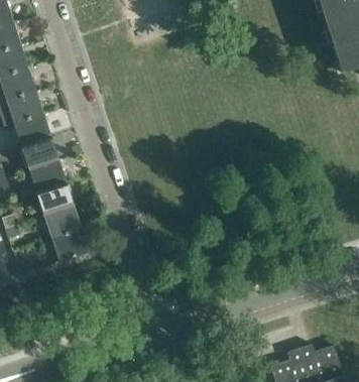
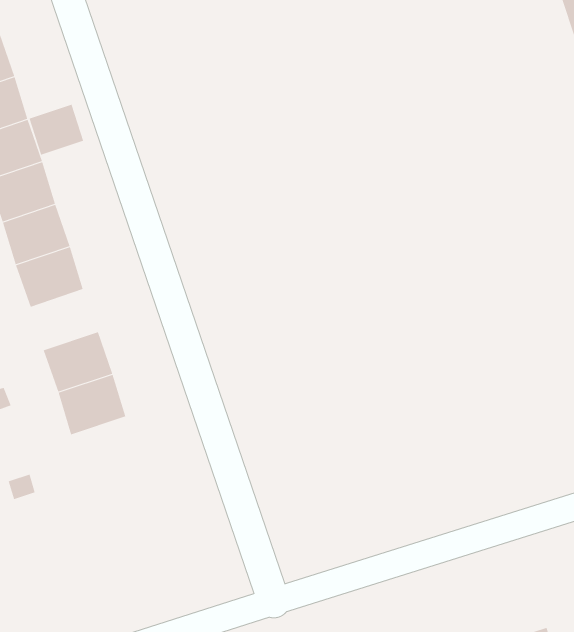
building: none -> [29,104,84,156]
building: [29,159,67,193] -> none
building: [42,229,90,261] -> none

